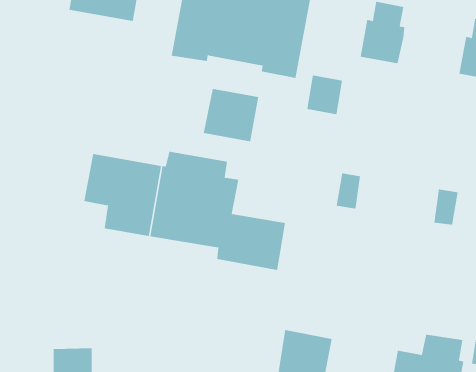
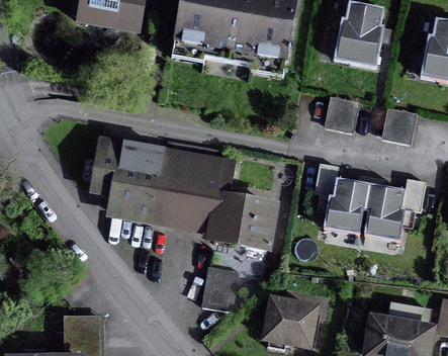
building: [306,75,343,115] -> [326,96,358,131]
building: [203,88,259,142] -> none
building: none -> [382,106,415,142]
building: none -> [327,180,404,240]
building: none -> [201,268,238,314]

